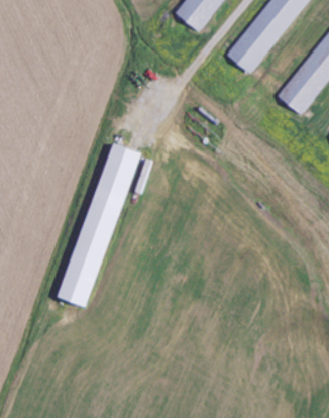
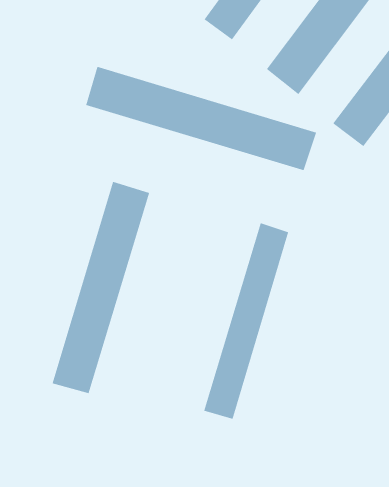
building: none -> [85,66,317,171]
building: none -> [203,222,289,420]

